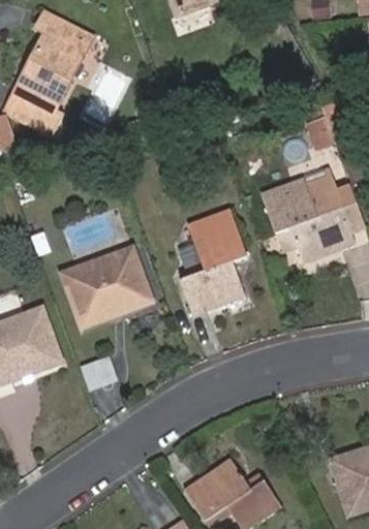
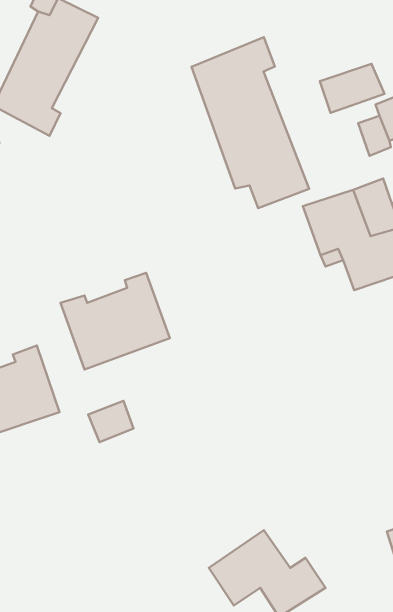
building: none -> [192,37,309,208]
building: none -> [320,64,385,113]
building: [181,209,247,315] -> none

